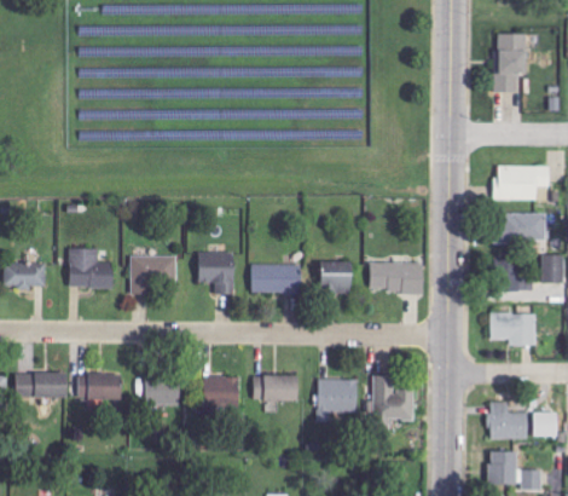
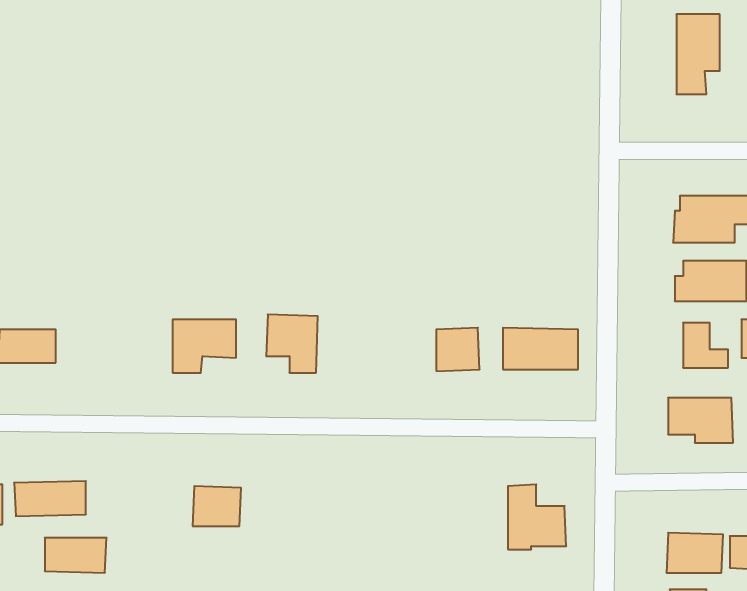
building: [69,248,112,288] -> none
building: [250,264,301,293] -> none
building: [76,374,121,399] -> [45,538,107,573]
building: [253,375,297,402] -> none
building: [201,376,239,411] -> none
building: [315,379,357,417] -> none

